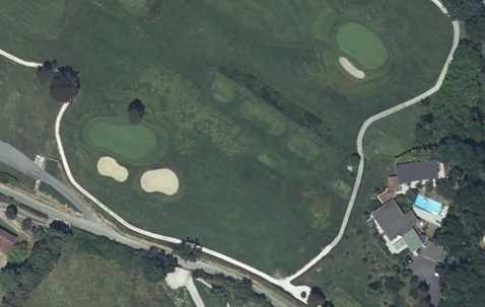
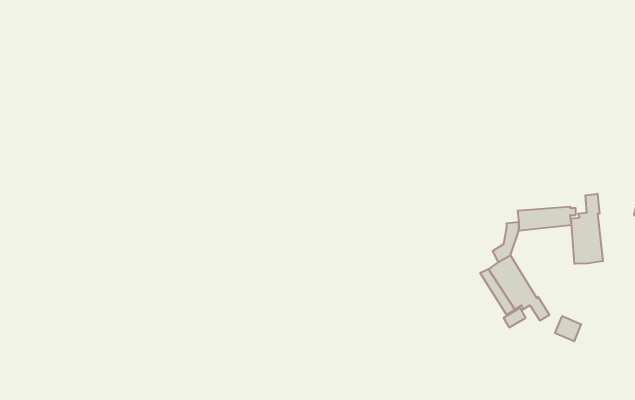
building: none -> [571,194,603,264]

